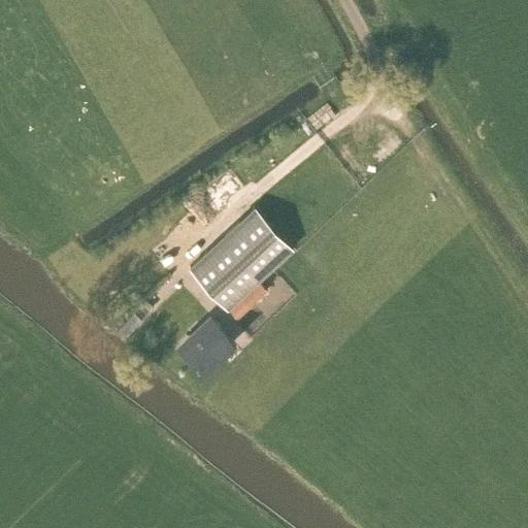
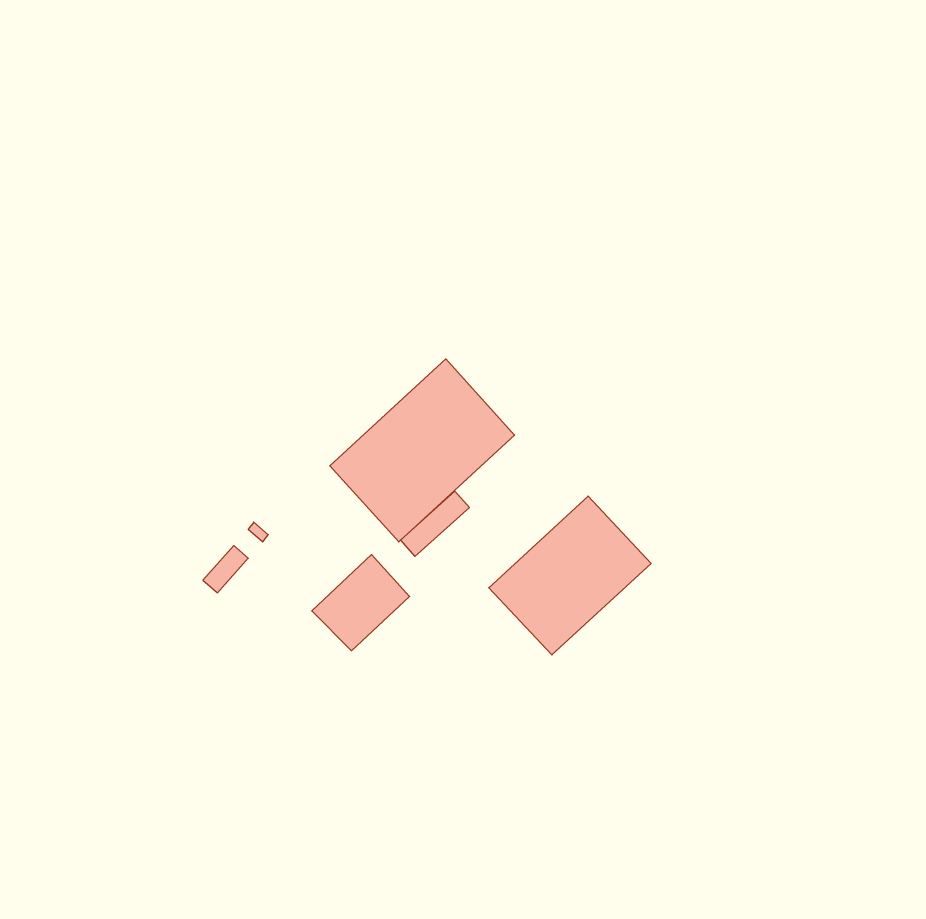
building: none -> [489,496,651,655]

